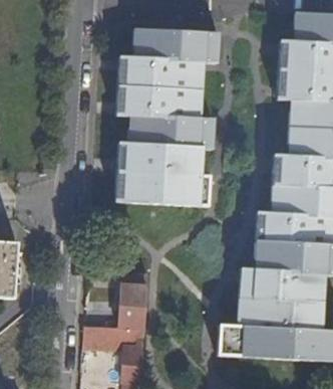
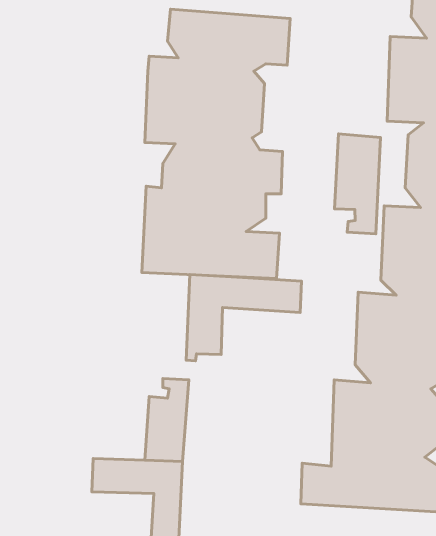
building: none -> [334,134,380,234]
building: none -> [186,275,302,361]

